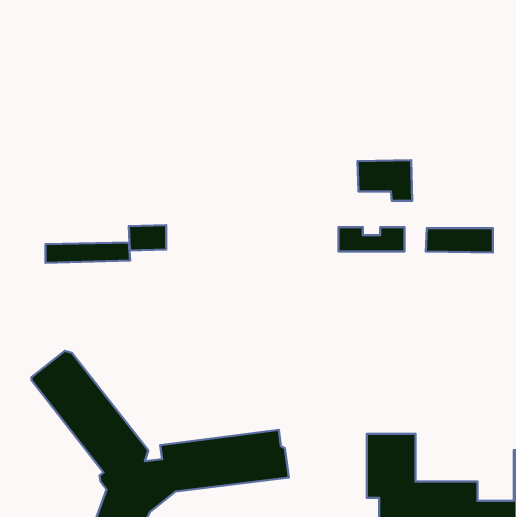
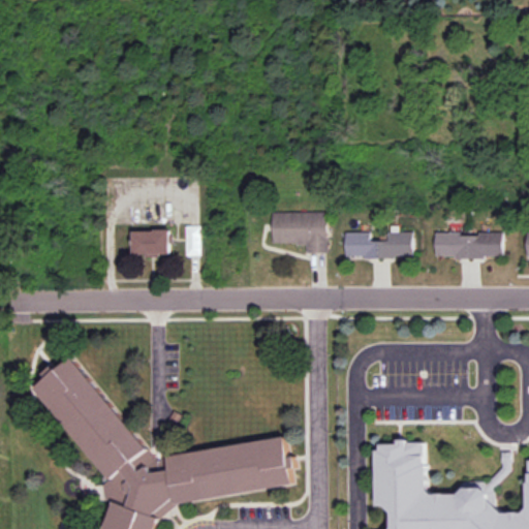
building: [357,160,412,201] -> [271,212,326,253]
building: [46,243,130,263] -> none

